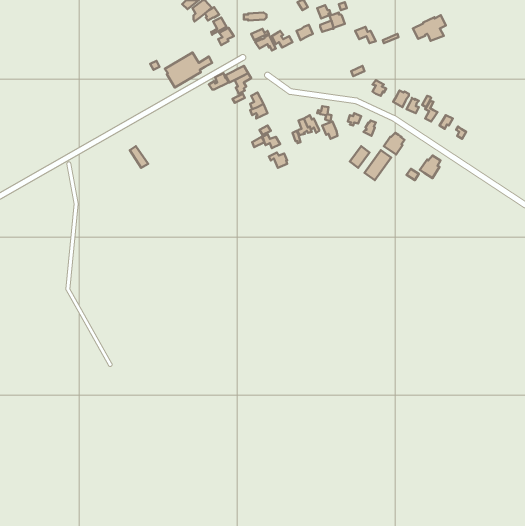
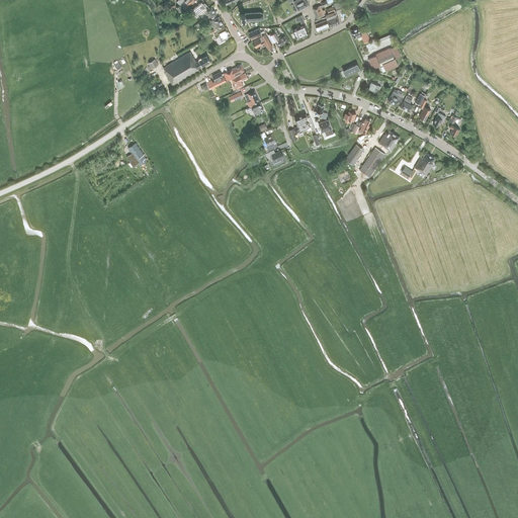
building: [413,15,446,41] -> [367,46,400,71]

